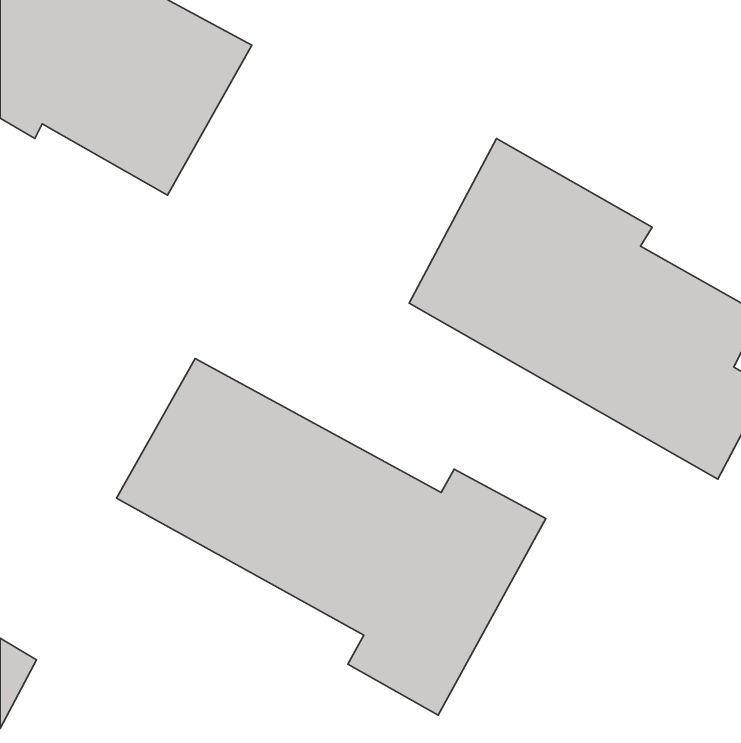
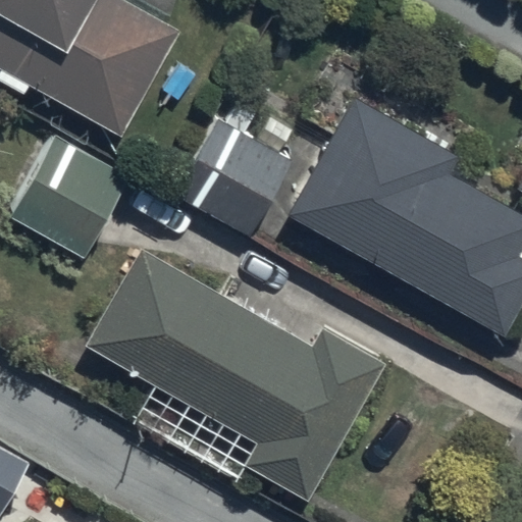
building: none -> [175,99,291,237]
building: none -> [13,138,126,256]

